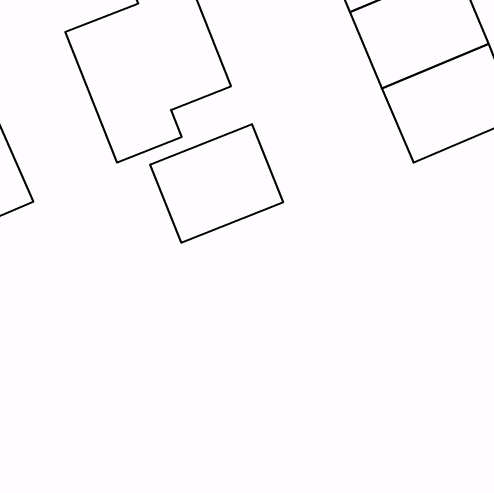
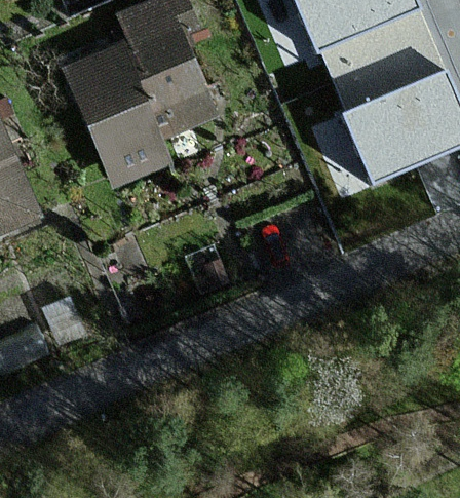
building: [150,124,283,243] -> none

